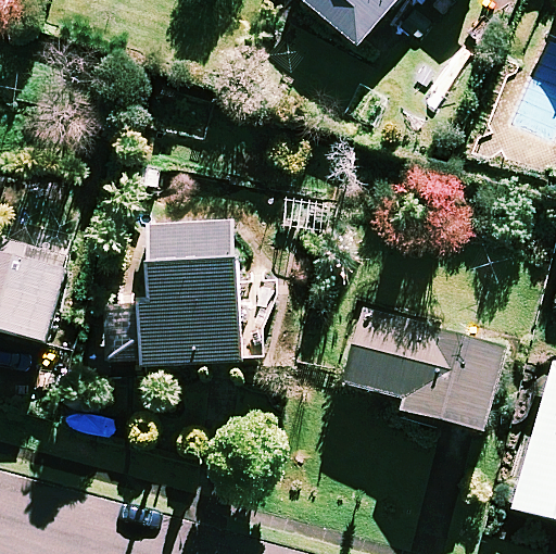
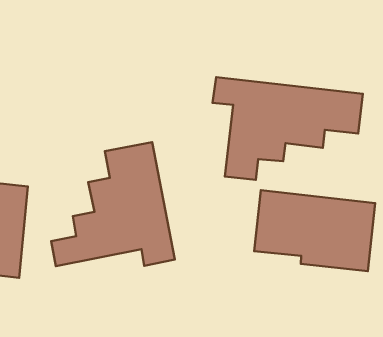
building: none -> [212,77,363,180]

